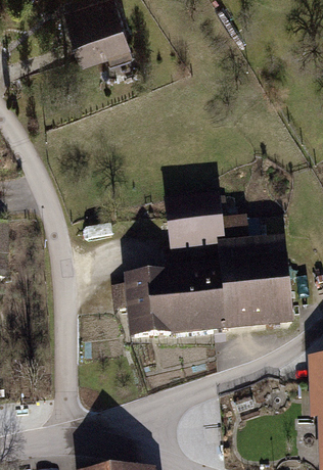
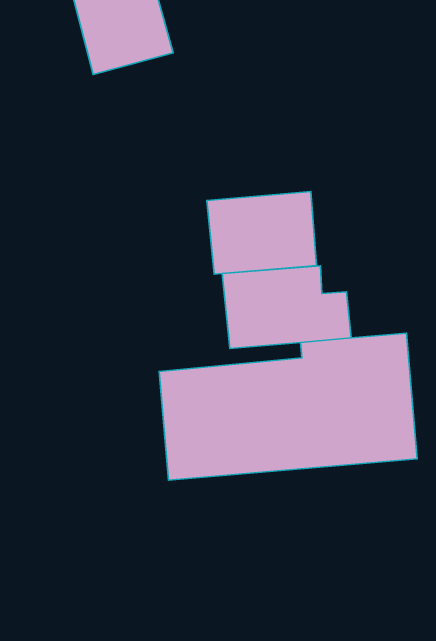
building: none -> [207,192,317,274]

